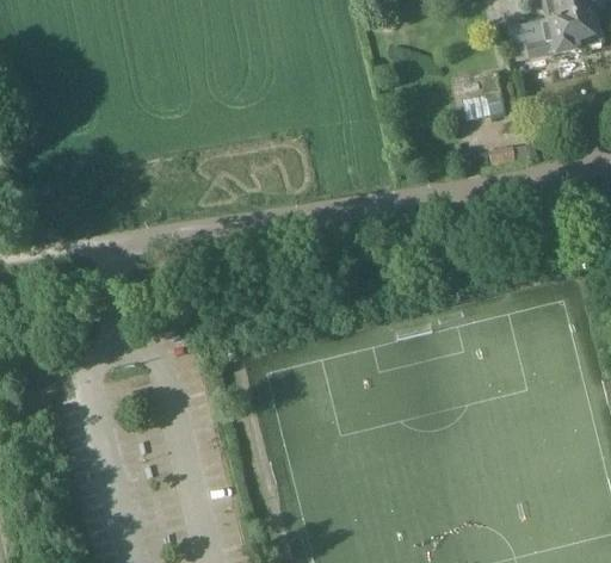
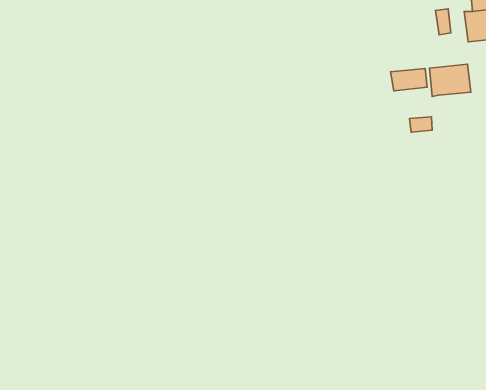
building: none -> [430,64,471,97]

